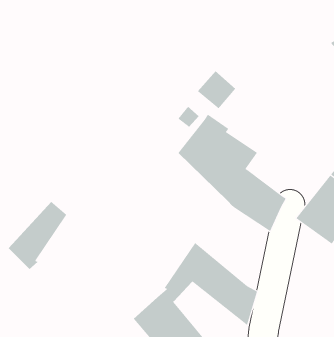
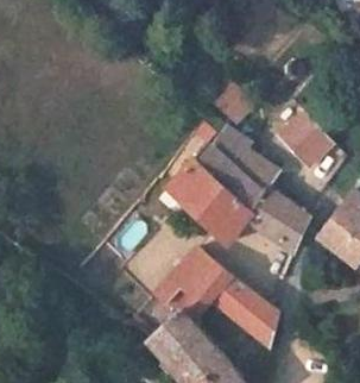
building: none -> [278,114,329,165]
building: none -> [169,163,246,241]
building: [8,201,67,270] -> [151,247,213,319]

